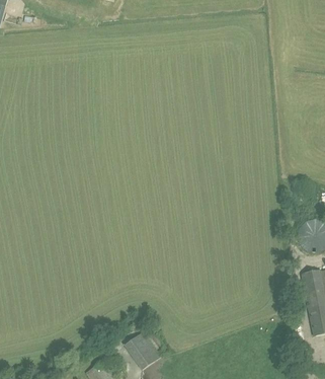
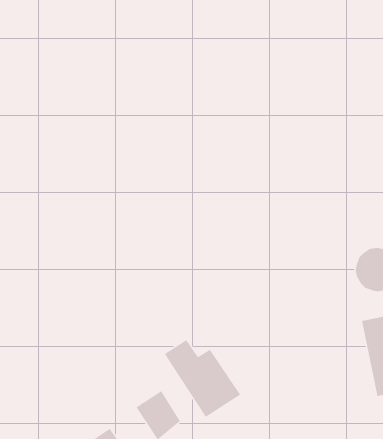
building: none -> [164,339,241,418]

